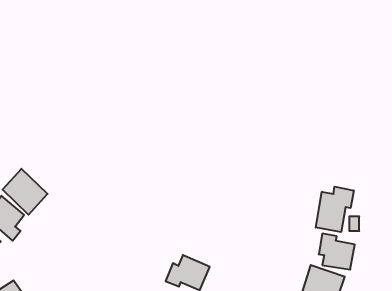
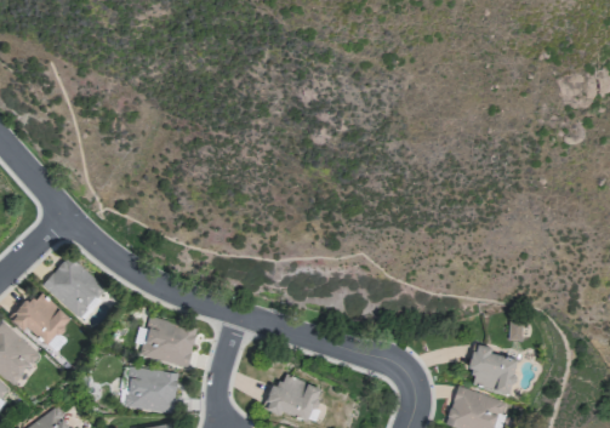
building: [316,187,354,232] -> none
building: none -> [142,319,196,367]
building: none -> [120,367,178,415]

